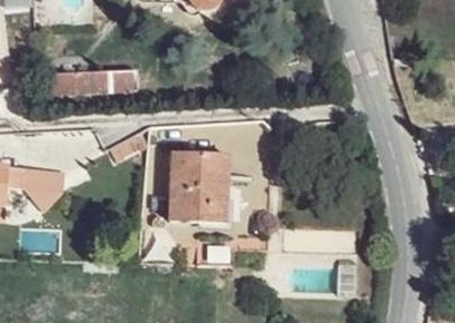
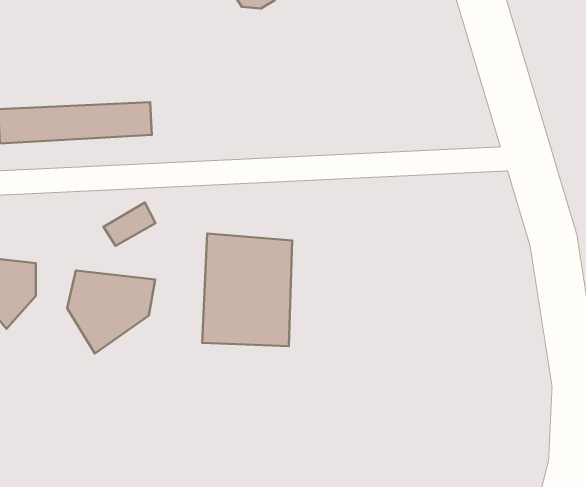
building: none -> [67,271,155,354]

